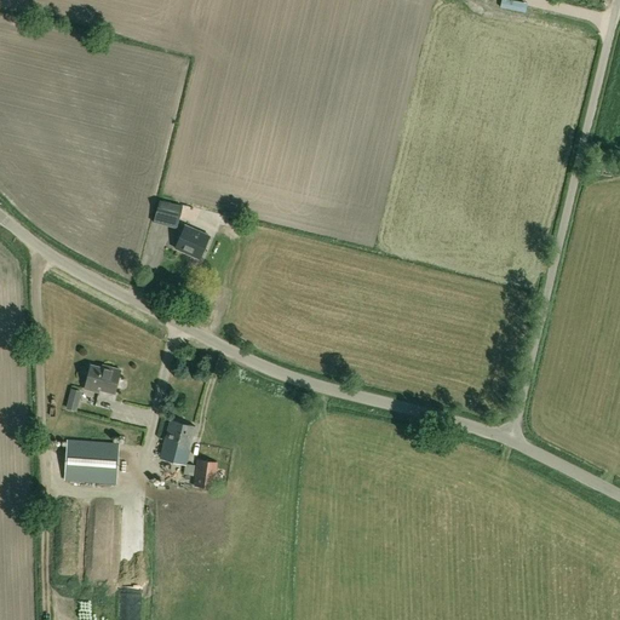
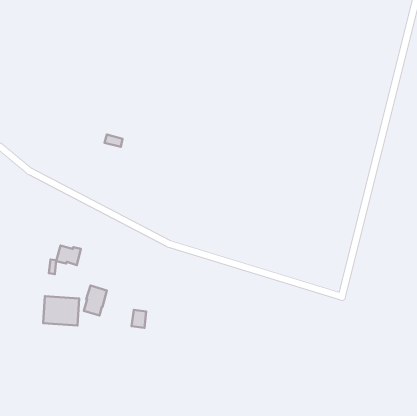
building: [174,225,209,260] -> none
building: [161,420,195,465] -> [84,285,107,316]

